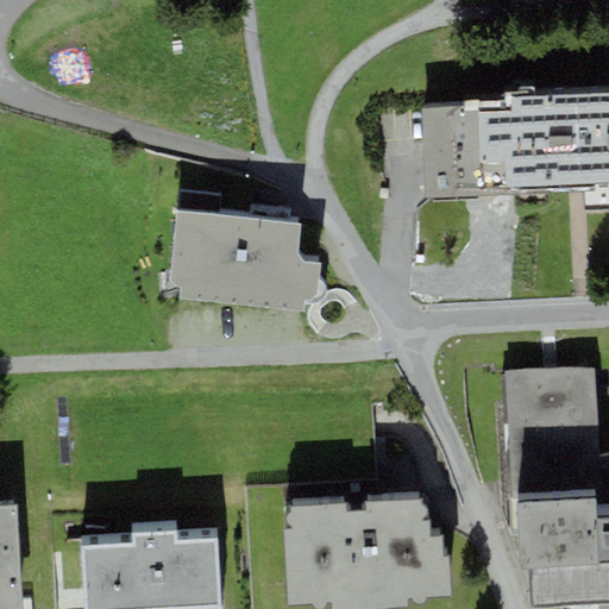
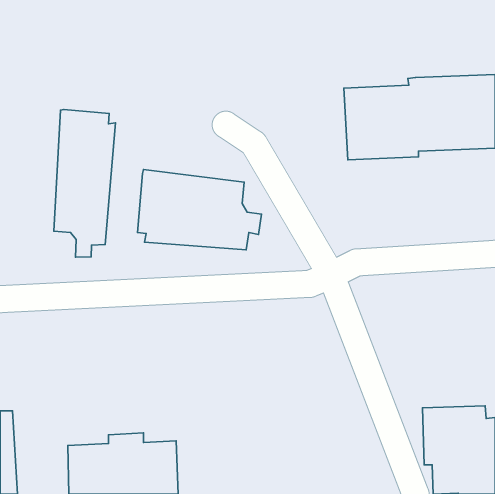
building: none -> [54,110,115,257]
building: [506,366,599,502] -> none
building: [285,498,450,602] -> none

